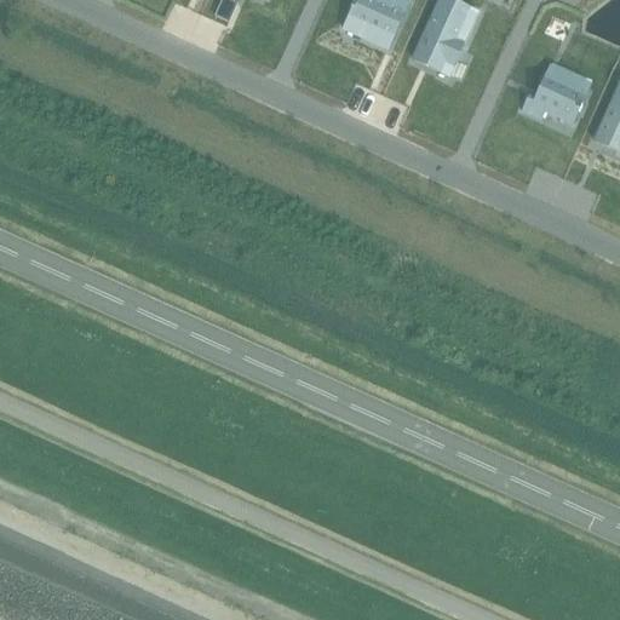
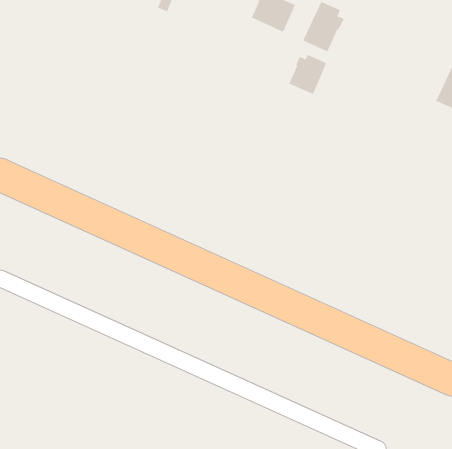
building: [523,70,587,119] -> none
building: none -> [288,54,327,95]

